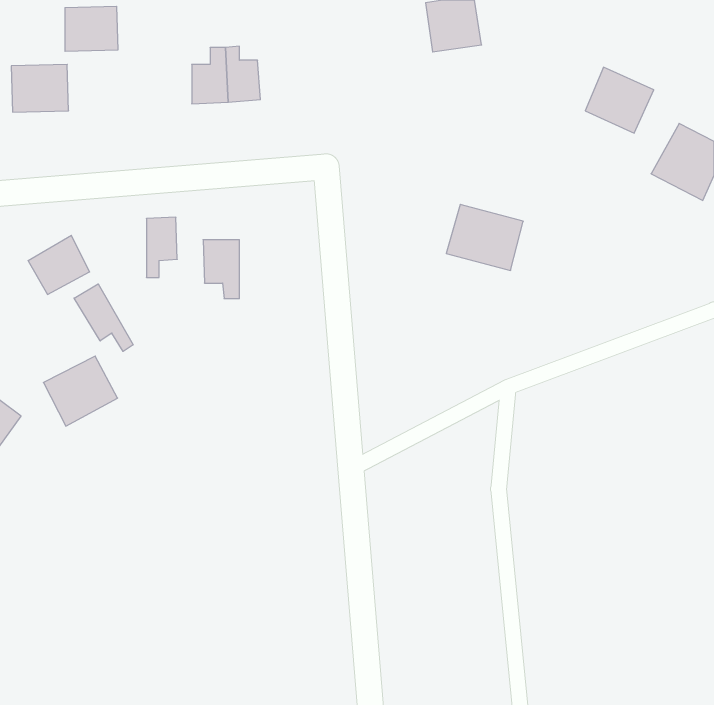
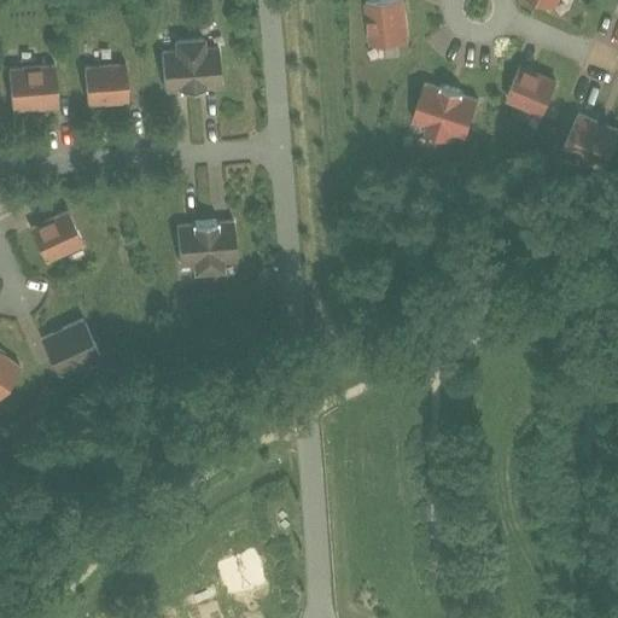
building: [65,6,118,51] -> [84,62,130,100]
building: [446,204,523,270] -> [413,89,479,146]
building: [146,217,177,277] -> [206,215,233,267]
building: [74,284,133,351] -> none

